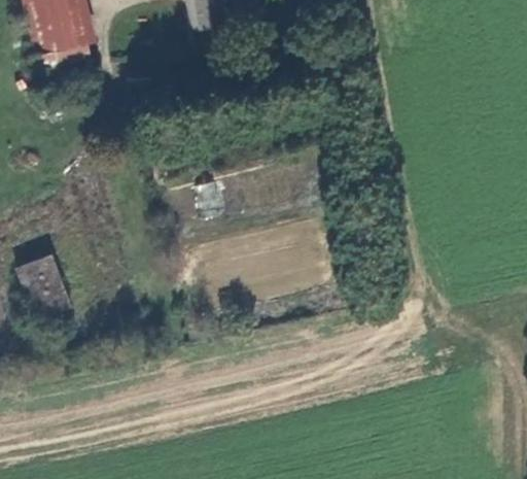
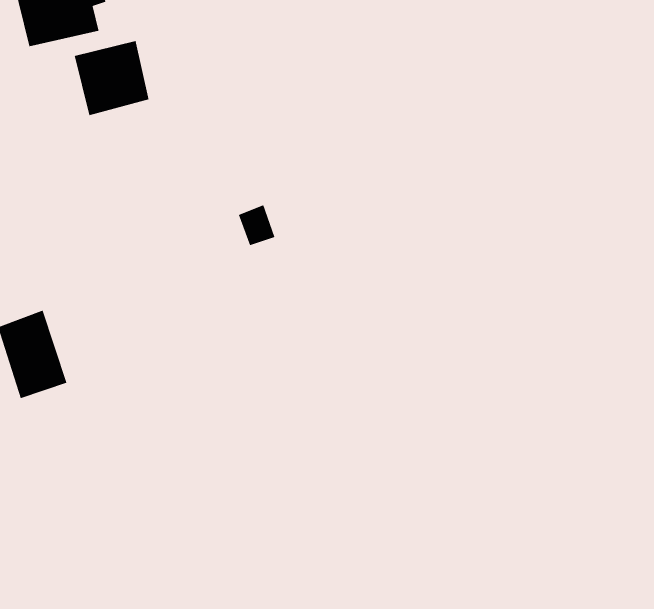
building: none -> [74,40,150,116]

